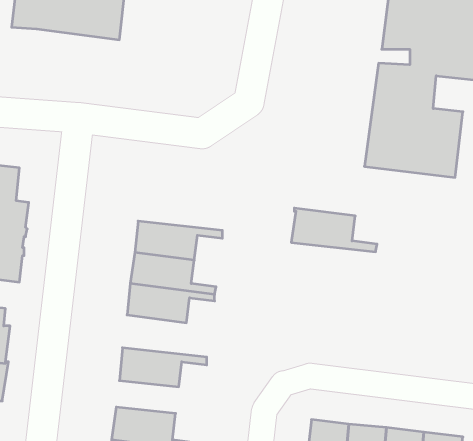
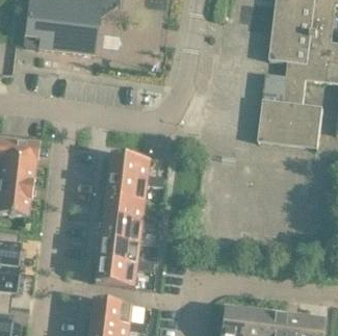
building: [291,208,377,252] -> [107,152,164,181]
building: none -> [97,237,154,265]

